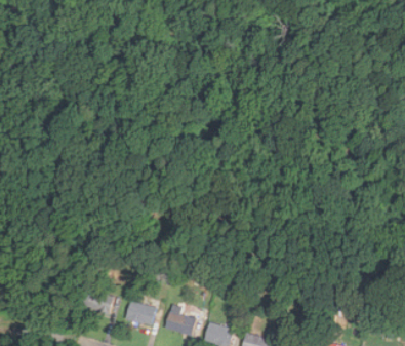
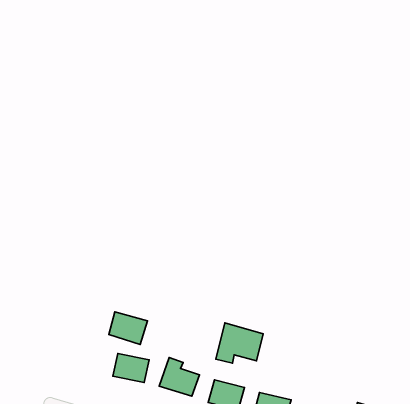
building: none -> [216,323,263,363]
building: [82,289,114,315] -> [109,312,148,345]

